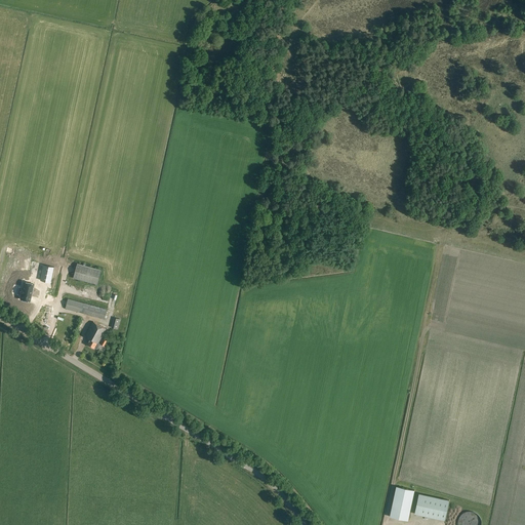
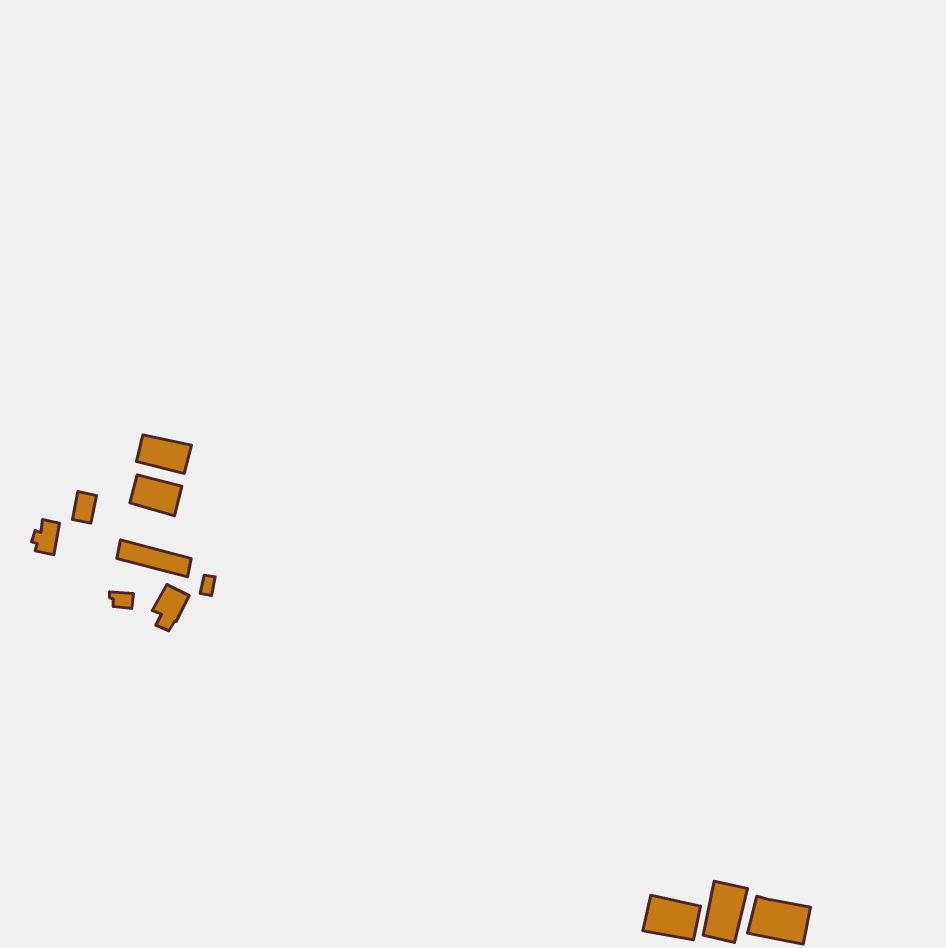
building: none -> [137,435,191,474]
building: none -> [643,895,700,940]

